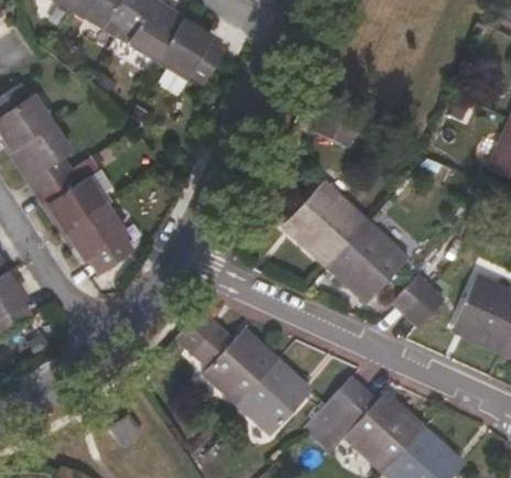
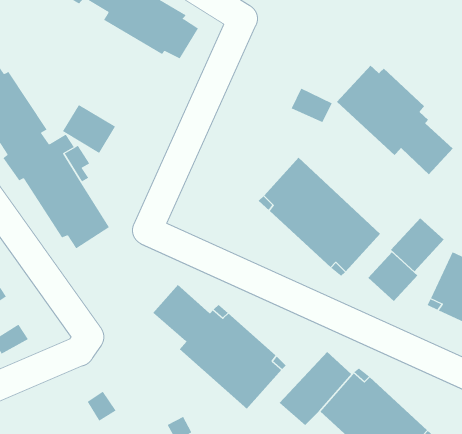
building: none -> [336,65,453,175]
building: none -> [62,104,116,154]
building: none -> [390,217,444,272]

